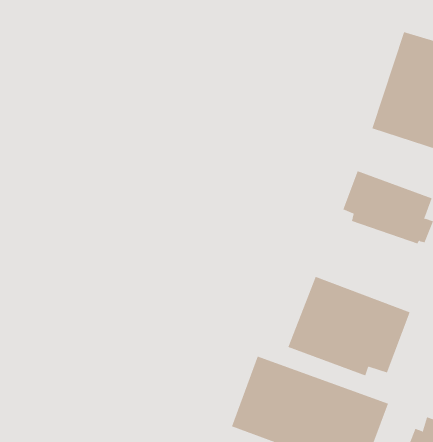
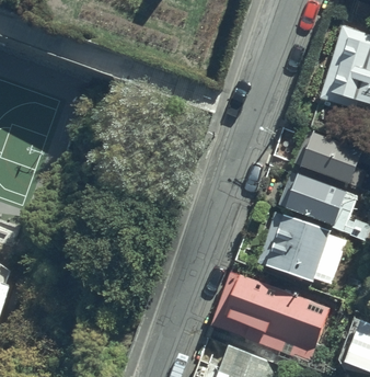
building: none -> [277,172,360,237]

